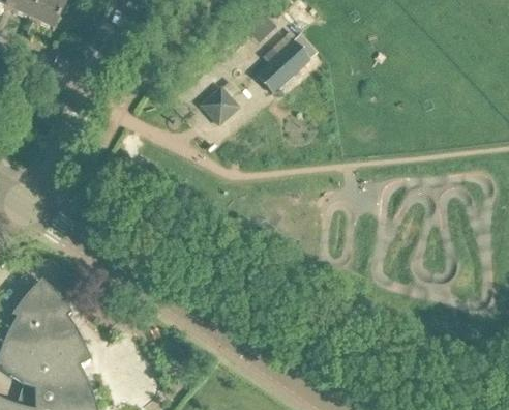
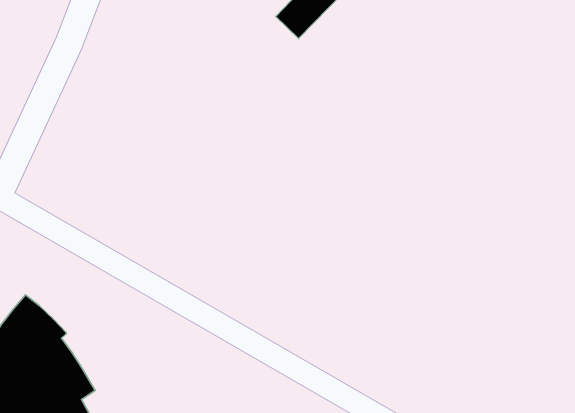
building: [202,85,238,121] -> none

